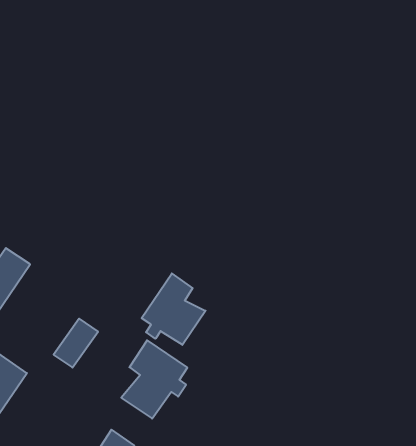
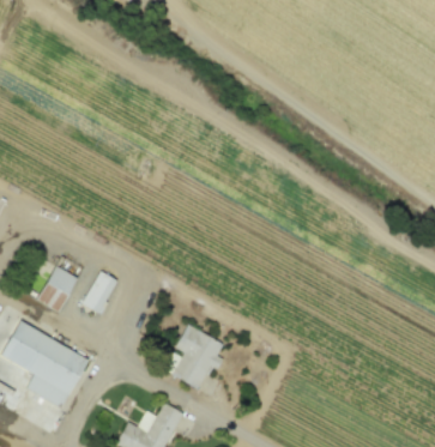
building: [142,273,206,345] -> none
building: [54,319,98,368] -> [80,272,116,314]

